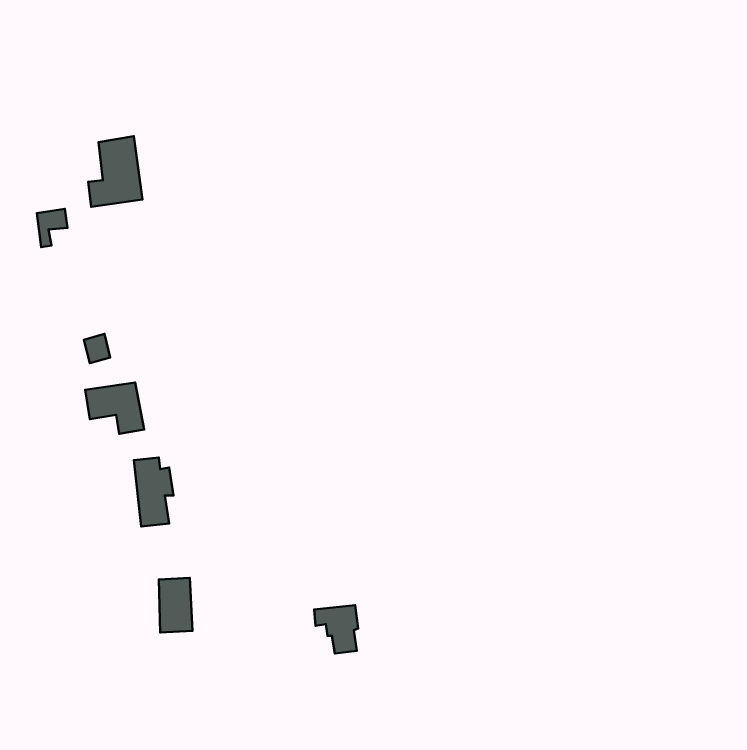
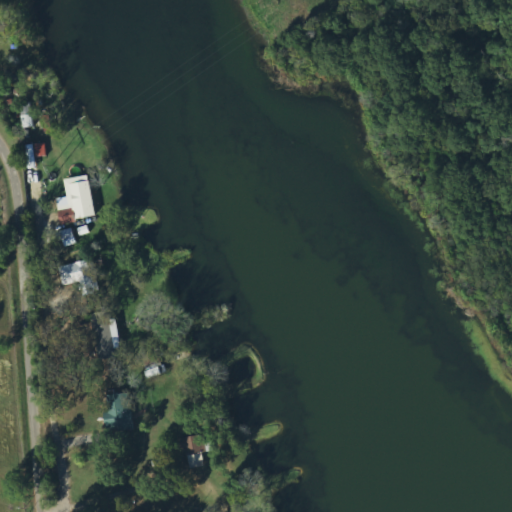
building: [88,136,143,207] -> [57,174,94,222]
building: [314,605,358,654] -> [175,435,205,468]

